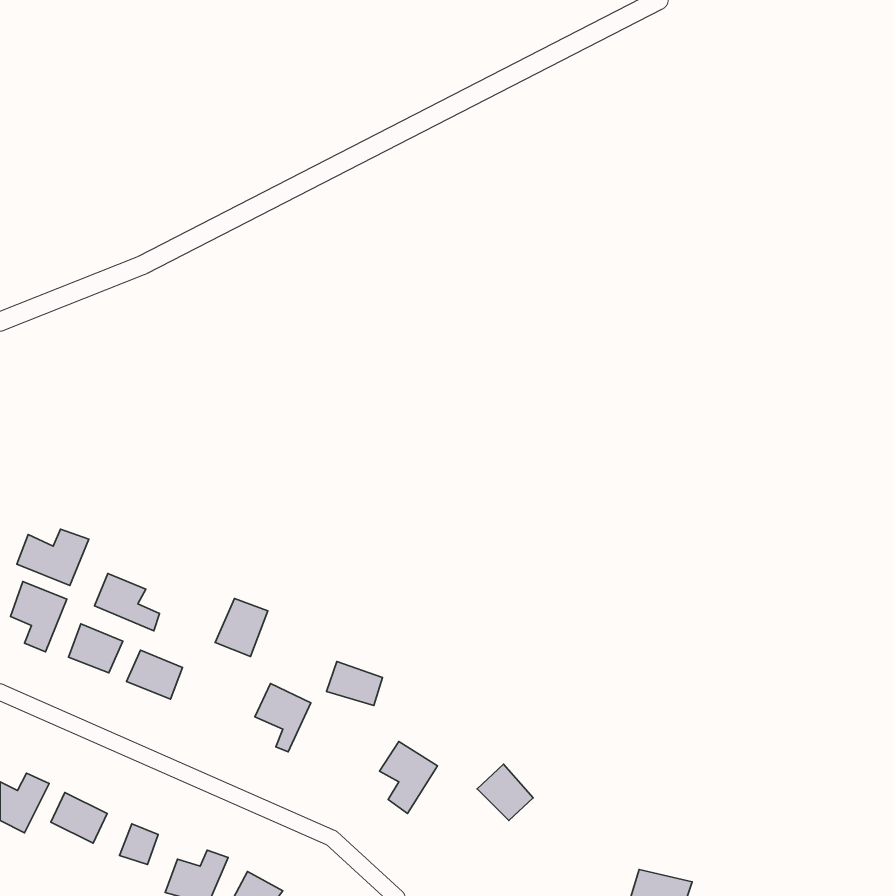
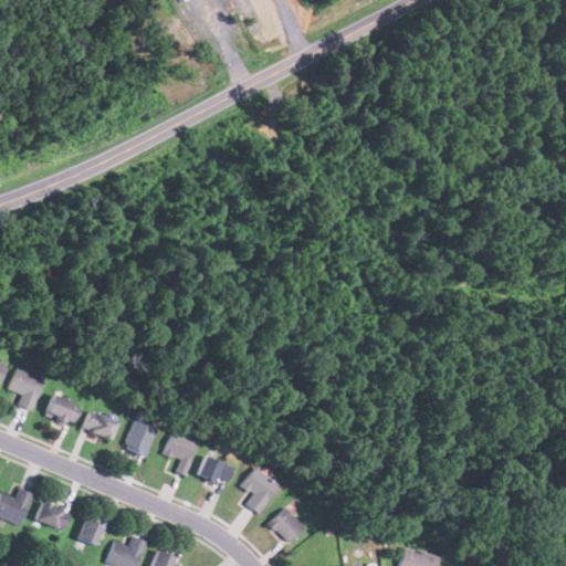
building: [17,529,89,585] -> none
building: [94,573,159,631] -> none
building: [215,598,268,656] -> [123,421,156,458]
building: [326,662,383,705] -> [198,457,233,484]
building: [477,764,533,821] -> [269,507,304,543]

